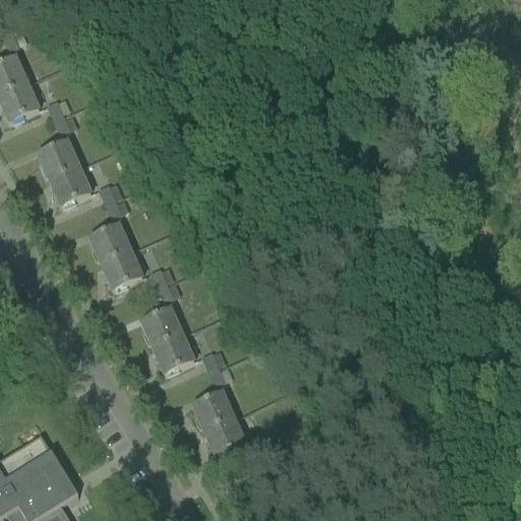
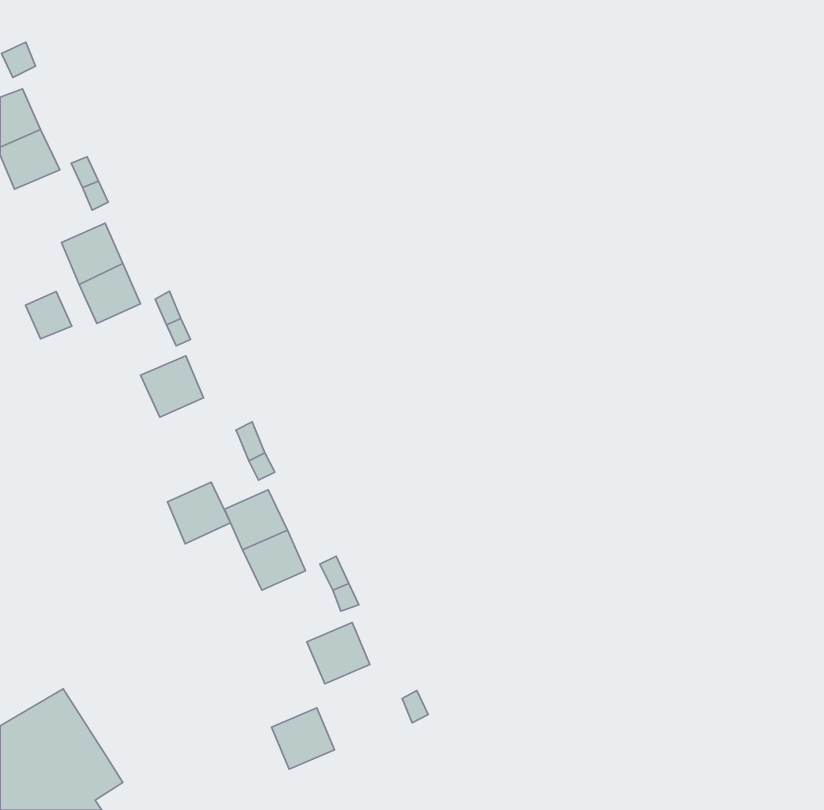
building: none -> [26,292,72,339]
building: [102,250,141,289] -> [167,482,230,544]
building: [206,418,245,457] -> [272,708,335,769]

